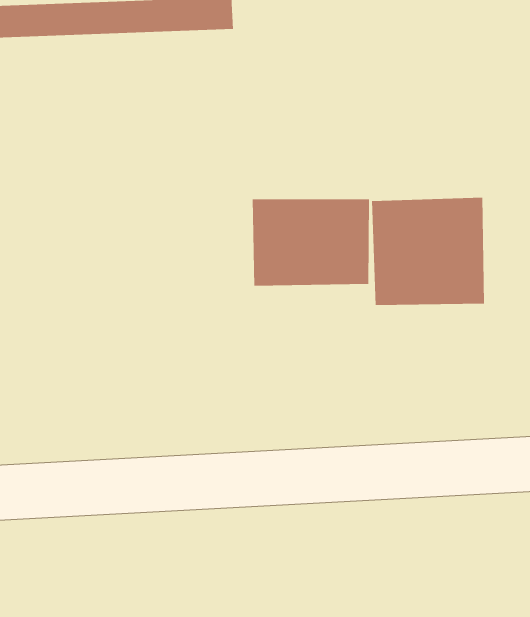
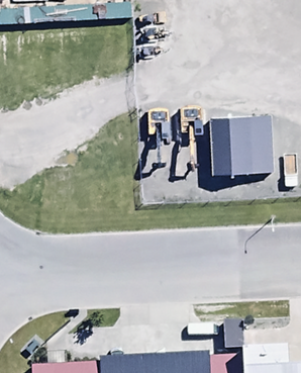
building: [252,198,369,287] -> none

